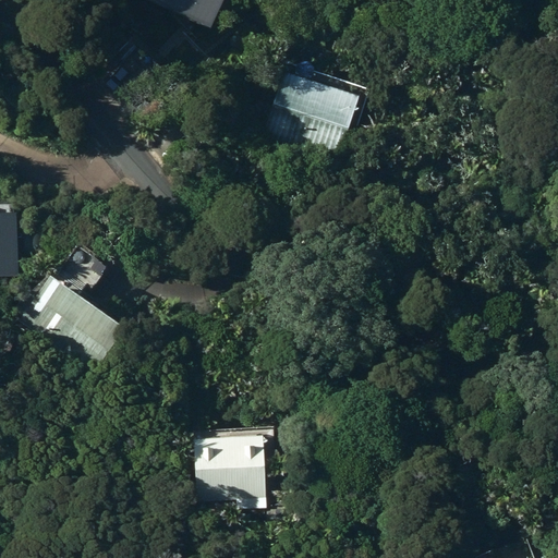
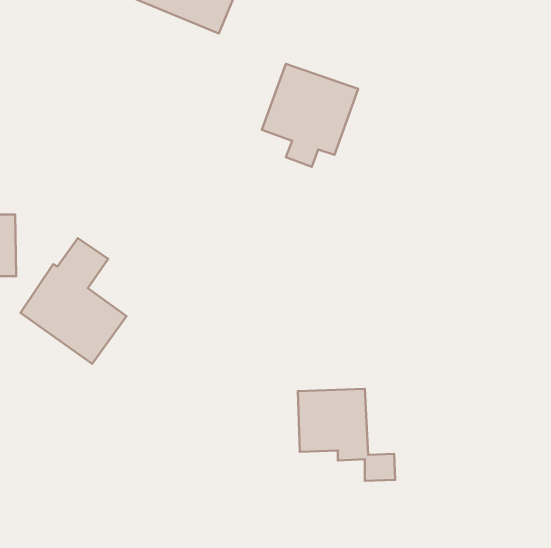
building: [196,432,294,524] -> [298,389,395,481]

